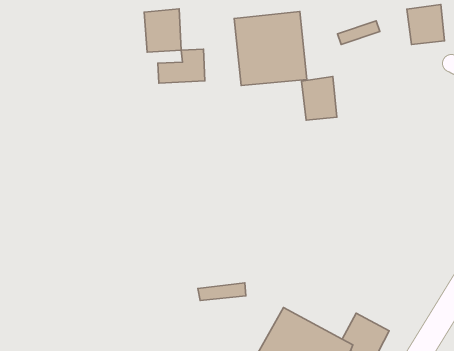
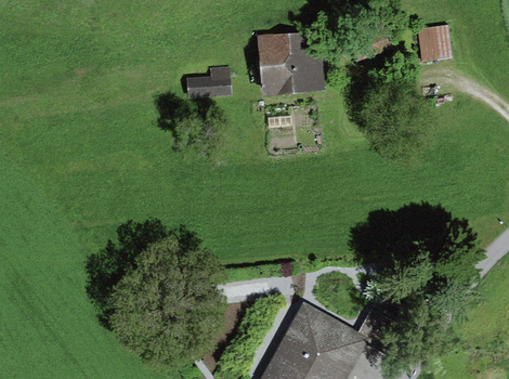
building: [144,9,181,52] -> none
building: [301,76,337,120] -> none

